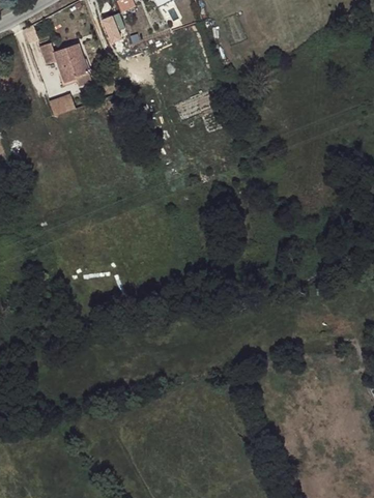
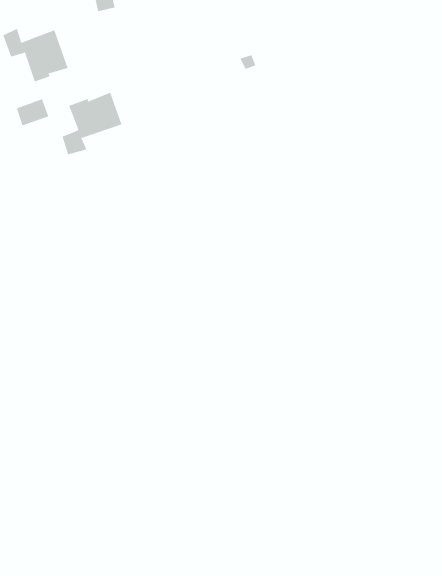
building: none -> [62,92,122,155]

